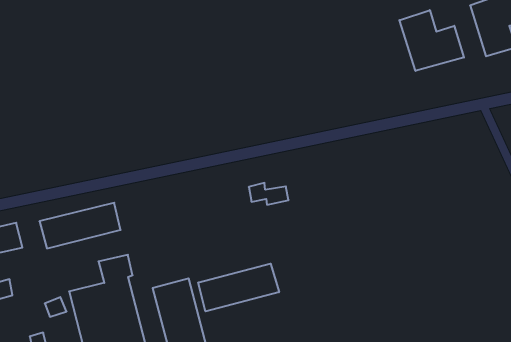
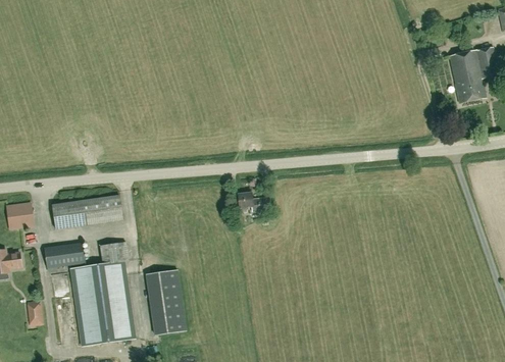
building: [399,10,464,71] -> none
building: none -> [44,242,84,267]
building: [198,264,279,311] -> none

